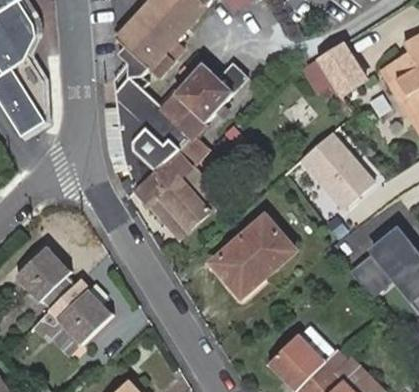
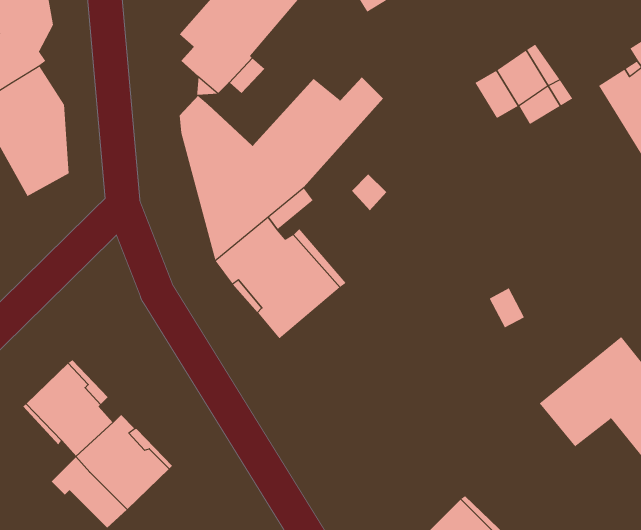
building: [299,132,377,212] -> none
building: [213,215,294,294] -> none

